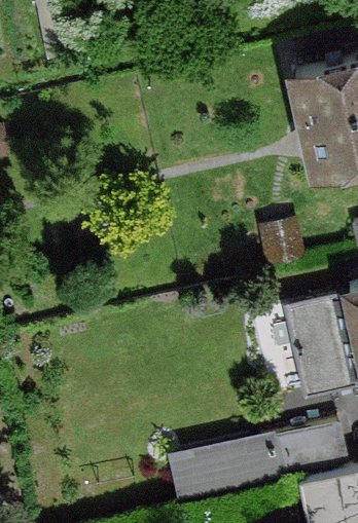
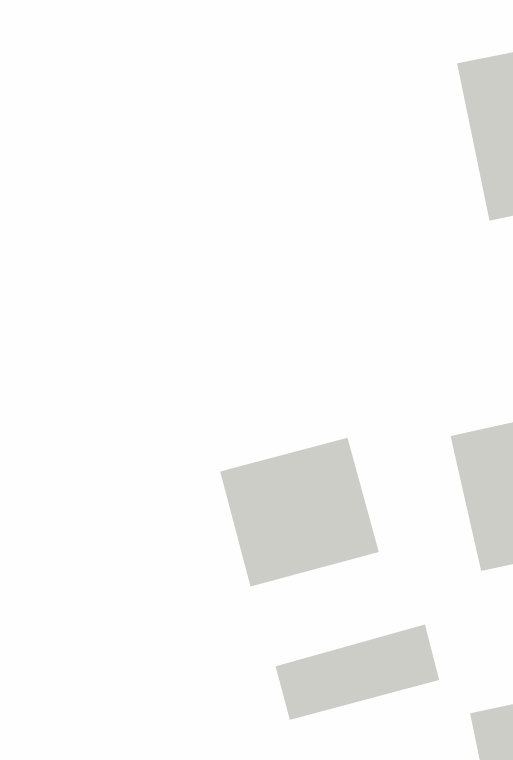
building: none -> [219,437,380,588]

